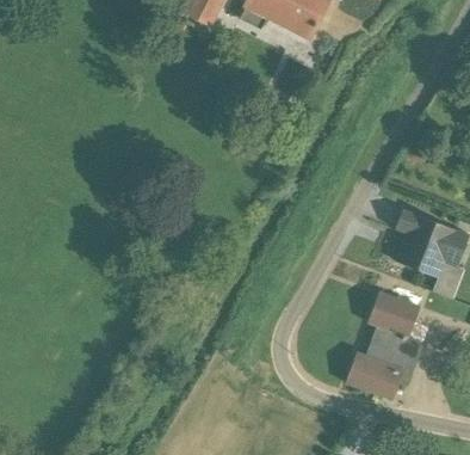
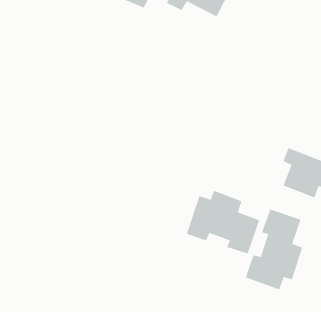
building: none -> [186,190,260,255]

